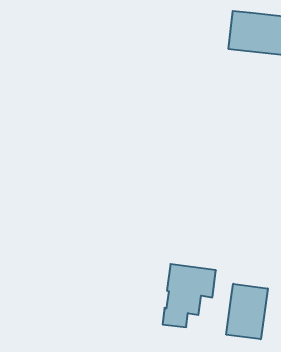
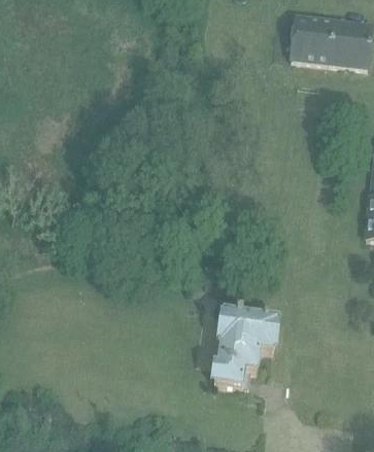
building: [226,284,268,339] -> none

